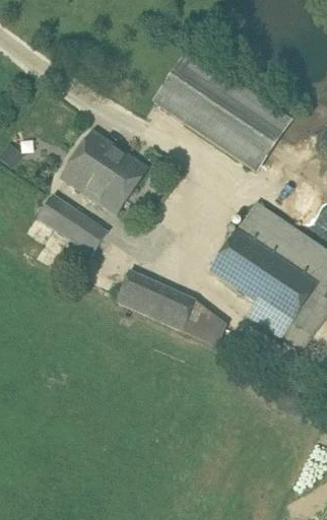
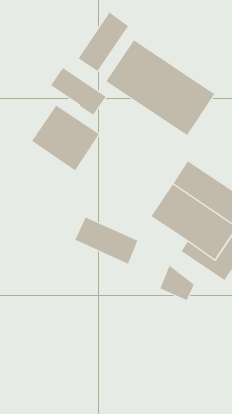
building: none -> [78,12,129,72]
building: [37,194,107,254] -> [50,67,107,116]
building: [182,300,225,344] -> [159,265,195,301]

